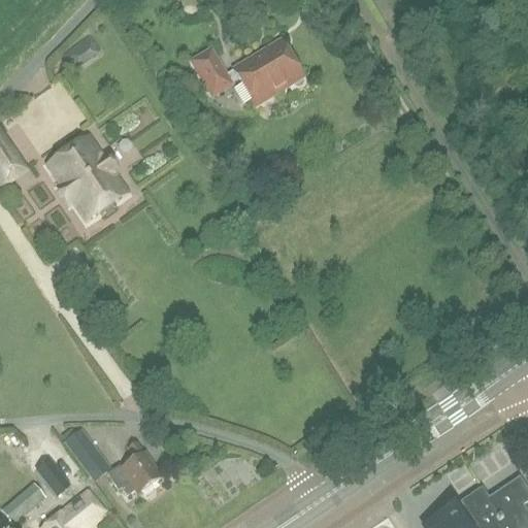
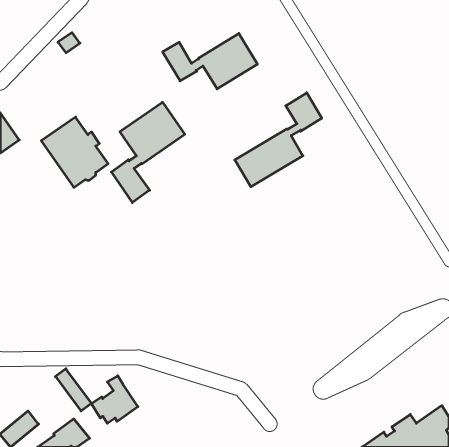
building: none -> [235,93,322,187]
building: none -> [111,102,185,203]
building: [37,458,71,495] -> none

